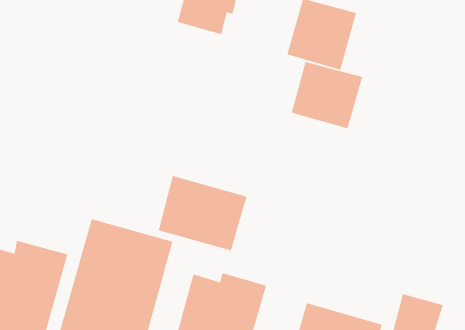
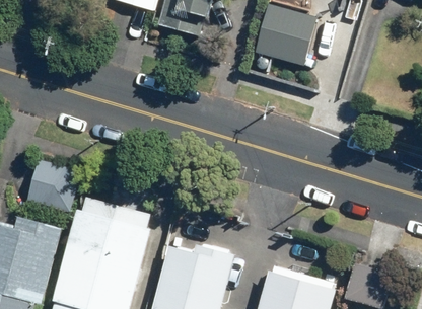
building: [291,61,363,129] -> none
building: none -> [26,158,81,211]
building: [158,175,247,251] -> none

